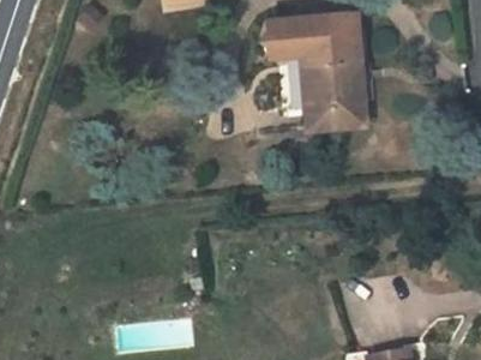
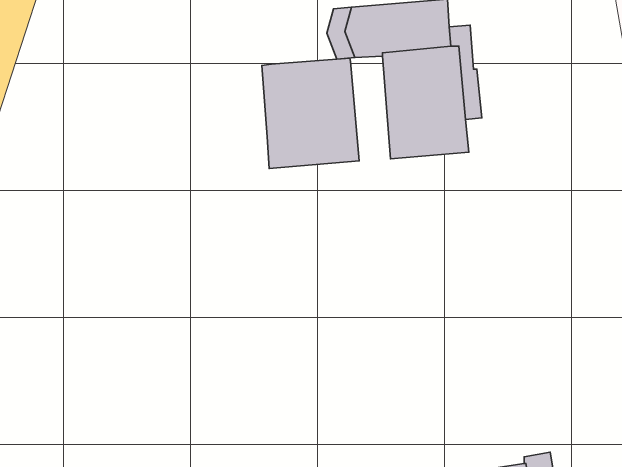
building: none -> [262,58,359,168]

